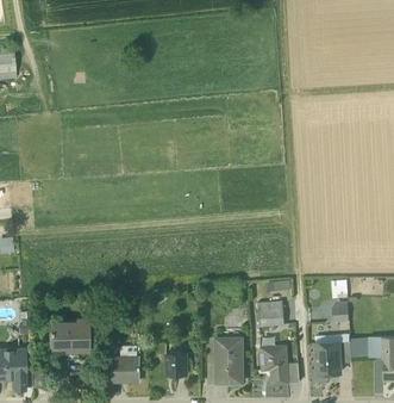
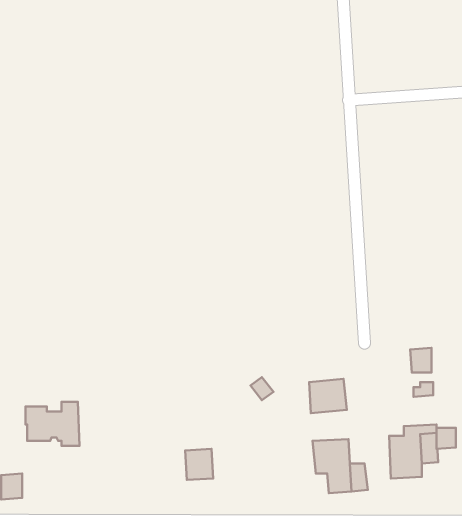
building: [215,339,242,383] -> none
building: [111,358,139,382] -> none

